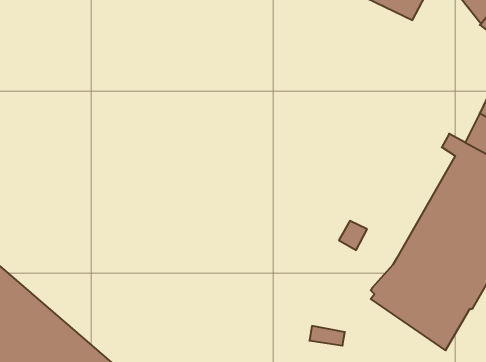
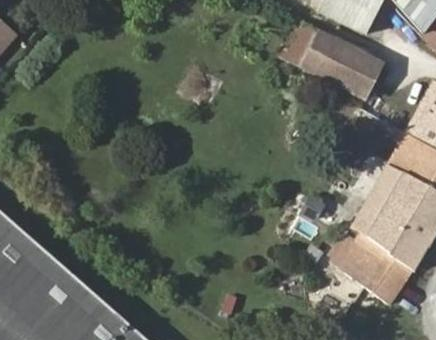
building: none -> [279,26,379,95]

